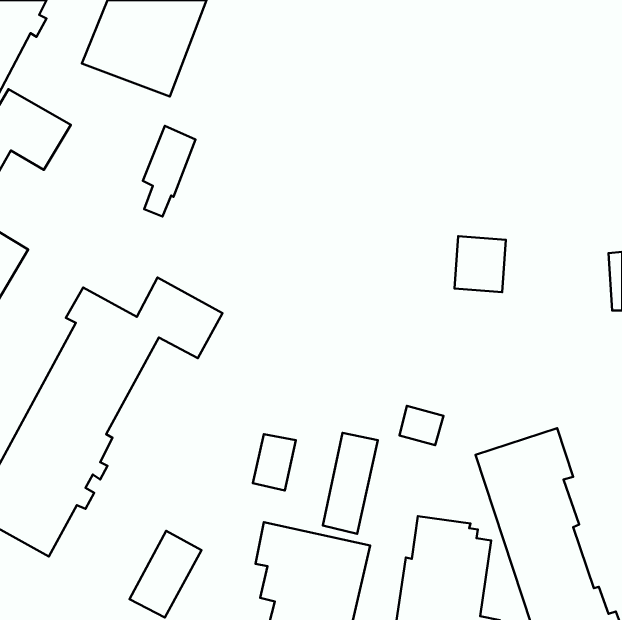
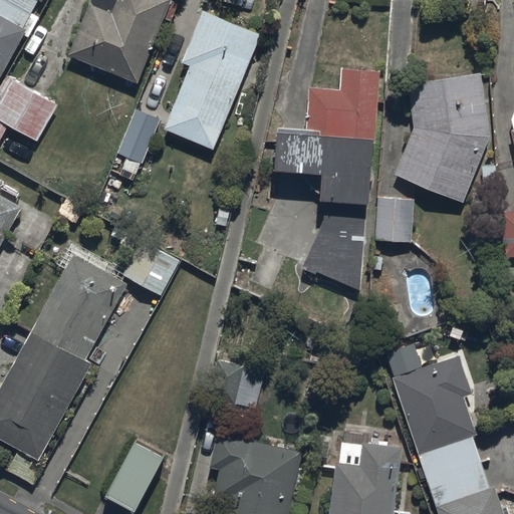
building: none -> [165,10,260,150]
building: none -> [279,69,377,290]
building: none -> [393,72,488,204]
building: [323,433,378,534] -> none

